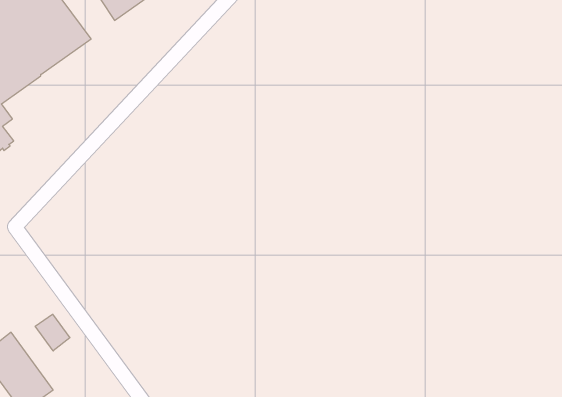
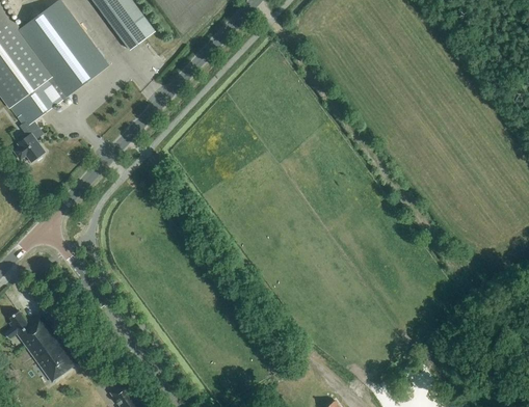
building: [35,314,70,351] -> none

